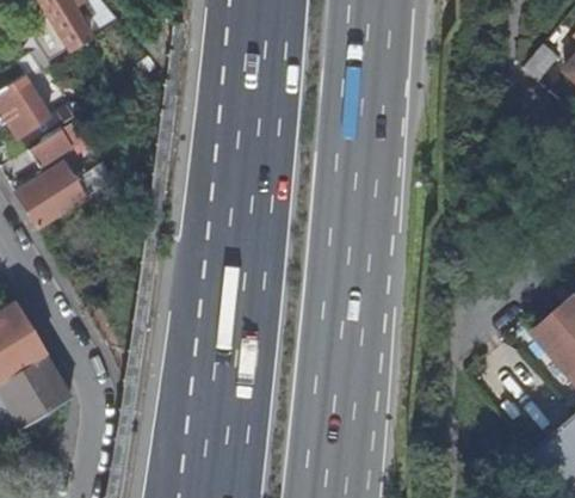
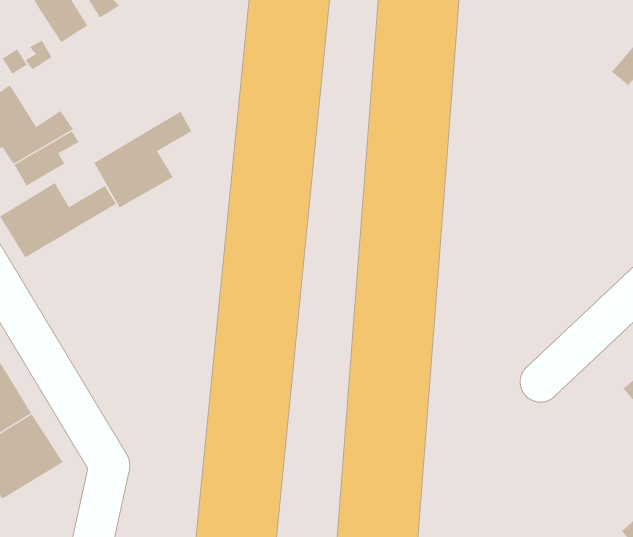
building: none -> [93,111,192,208]

